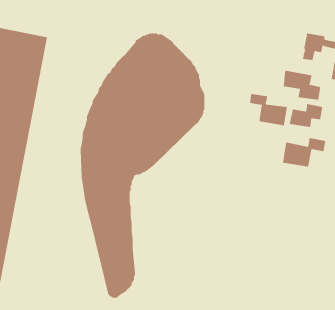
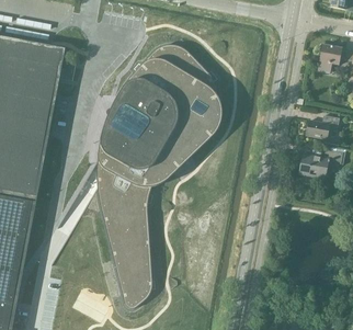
building: [283,70,321,101] -> none
building: [250,93,288,126] -> none

